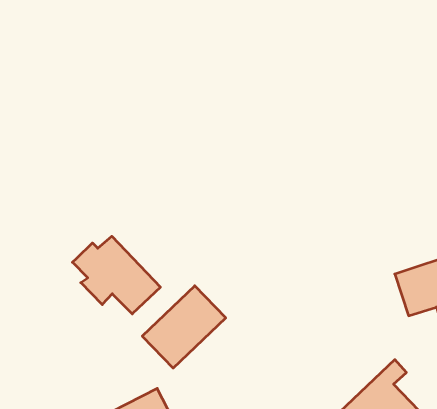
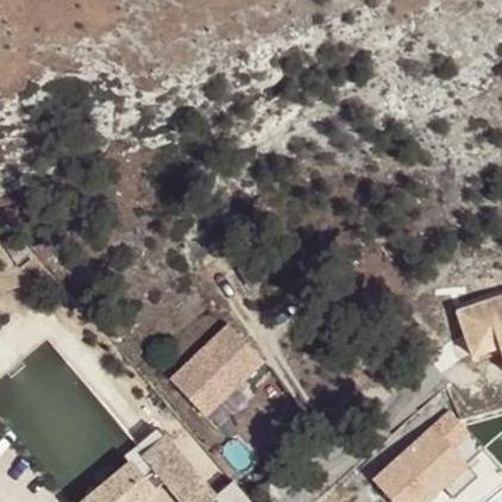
building: [72,236,160,314] -> none

